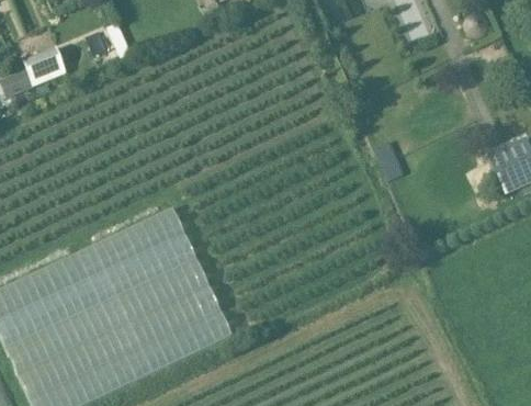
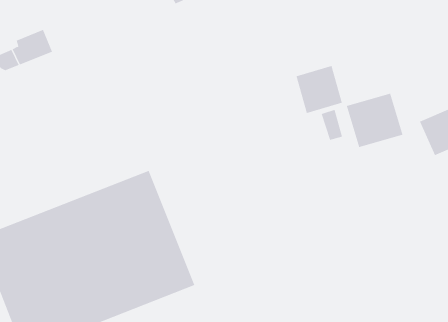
building: none -> [296,65,343,114]
building: none -> [346,93,403,148]

